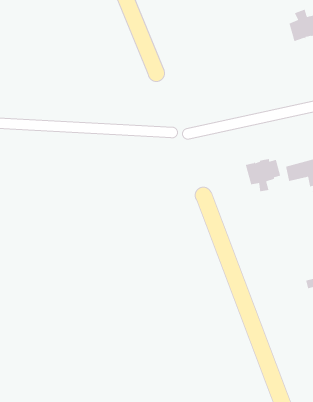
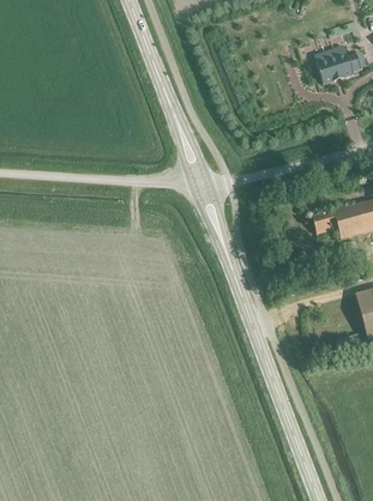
building: [245,158,281,192] -> none

